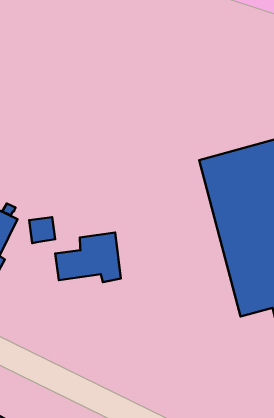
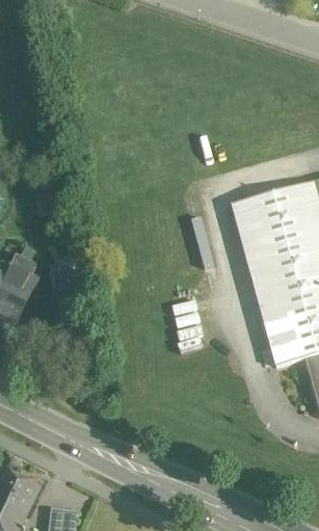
building: [55,232,121,282] -> none

